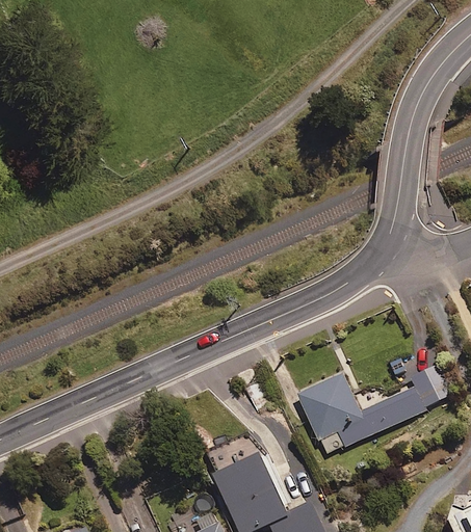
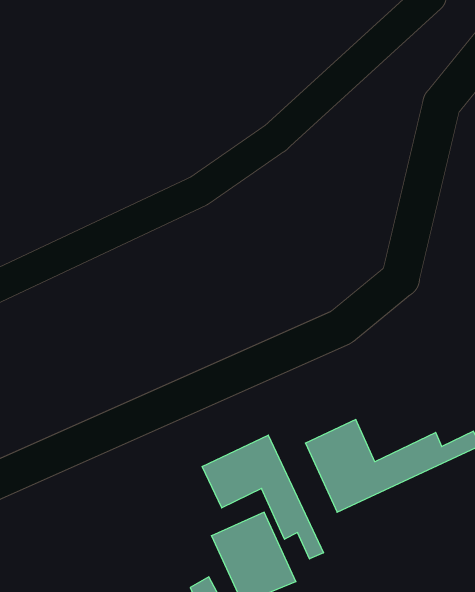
building: none -> [202,435,323,559]

